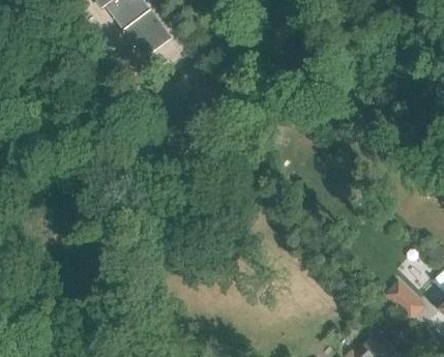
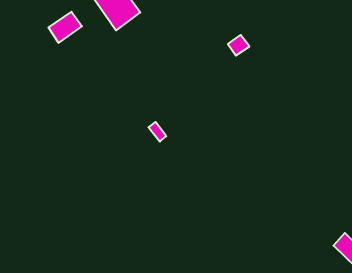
building: none -> [48,12,82,43]

